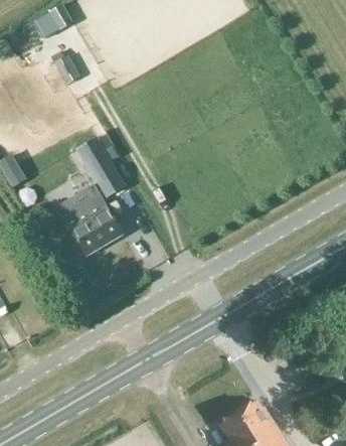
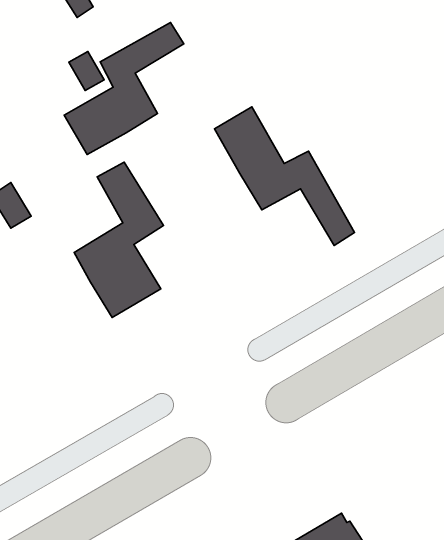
building: none -> [64,22,184,155]
building: none -> [214,107,354,245]

